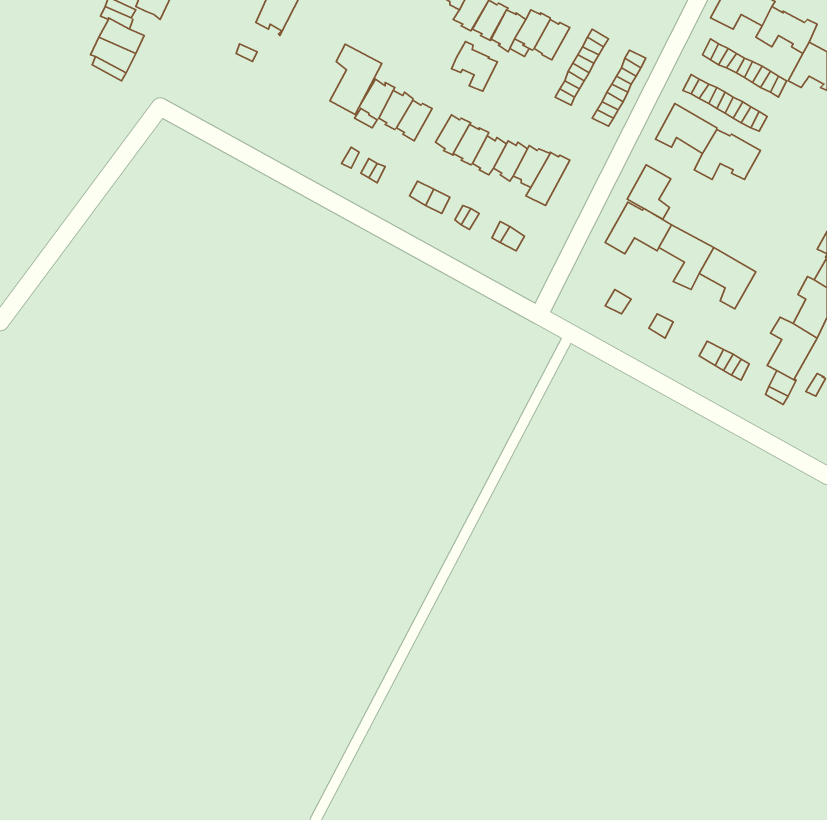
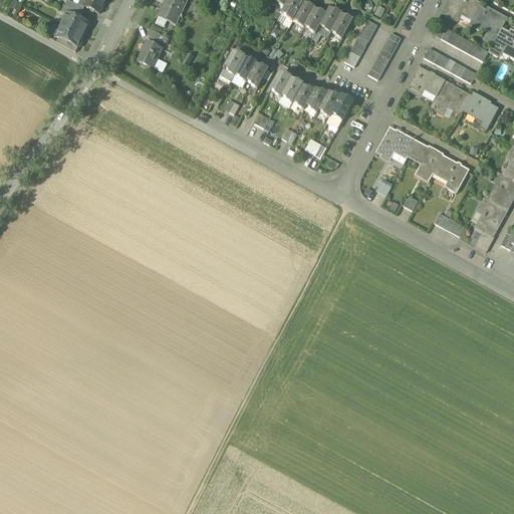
building: [451,41,497,91] -> none
building: [330,44,382,114] -> none
building: none -> [136,38,162,67]
building: none -> [464,90,499,128]
building: [627,165,671,219] -> none

